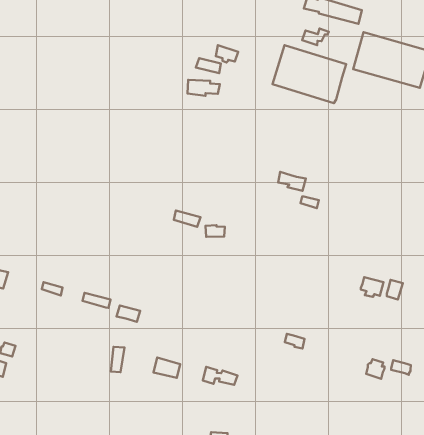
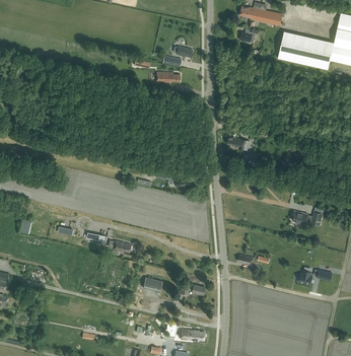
building: [272,45,346,103] -> none

